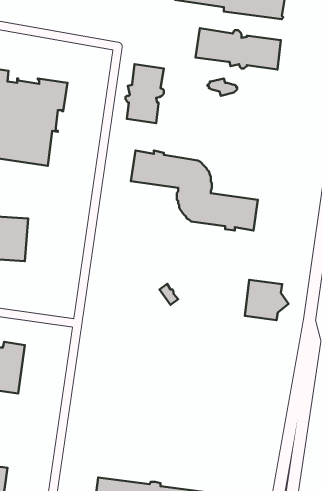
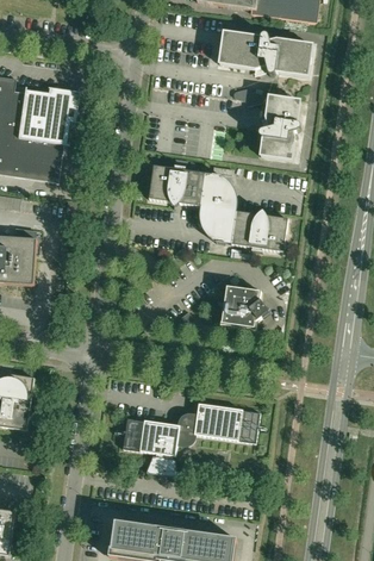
building: [126,64,164,123] -> [258,95,300,160]
building: [245,280,289,320] -> [220,285,268,329]
building: none -> [121,403,260,475]

